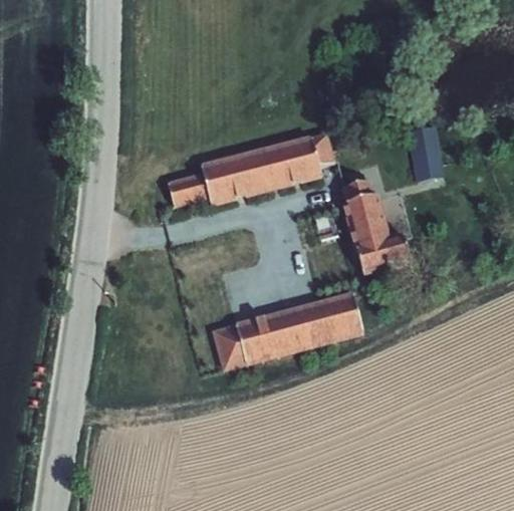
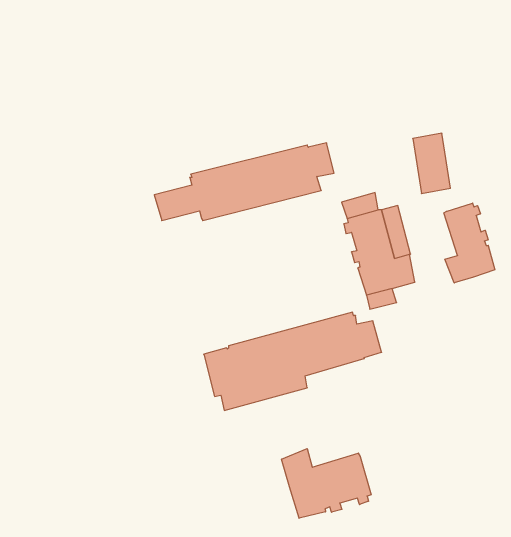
building: none -> [444,203,495,283]
building: none -> [282,449,371,518]

